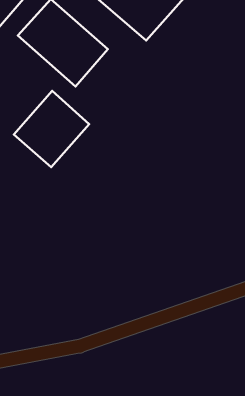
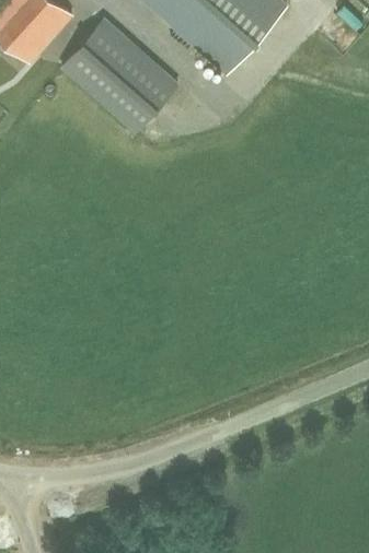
building: [14,91,89,167] -> none

